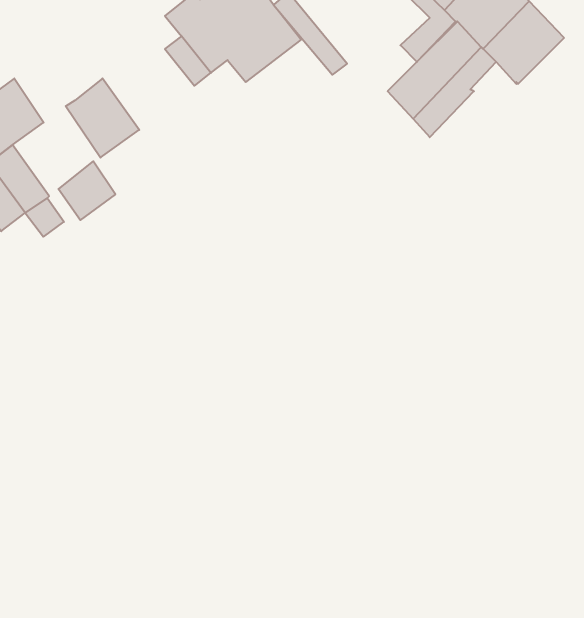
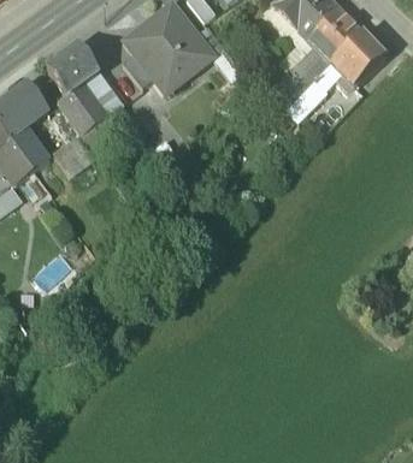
building: none -> [46,42,100,95]

